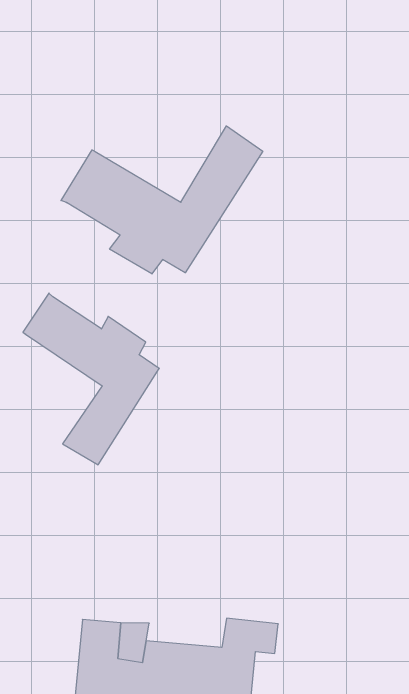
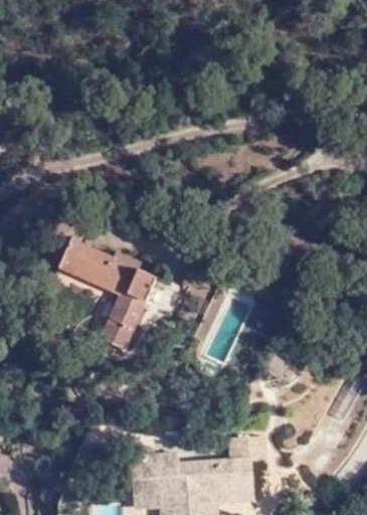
building: [61,126,263,274] -> none

